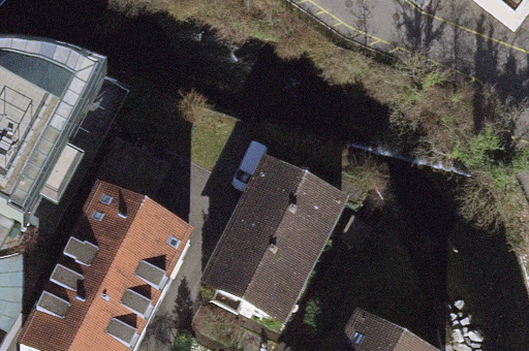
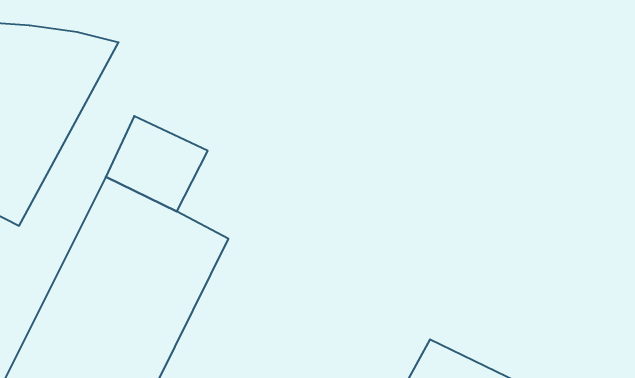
building: [207,153,344,313] -> none

